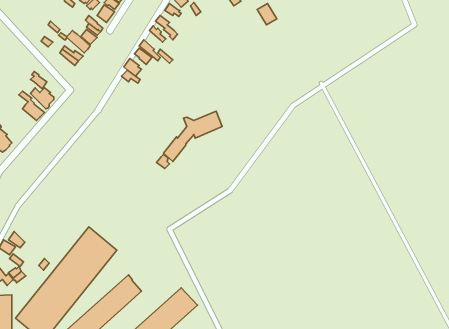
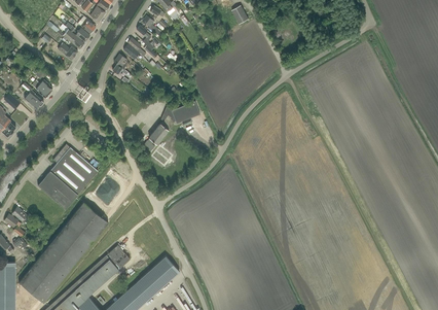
building: none -> [38,144,98,209]

